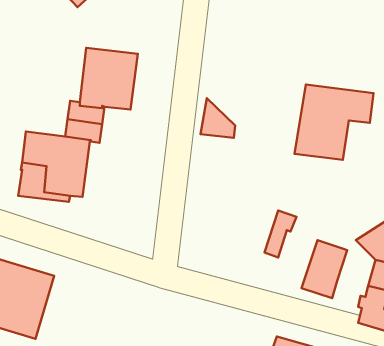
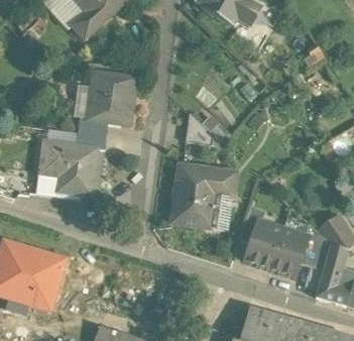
building: [295,85,373,160] -> [172,164,237,226]
building: none -> [244,220,282,267]
building: none -> [299,222,330,269]

